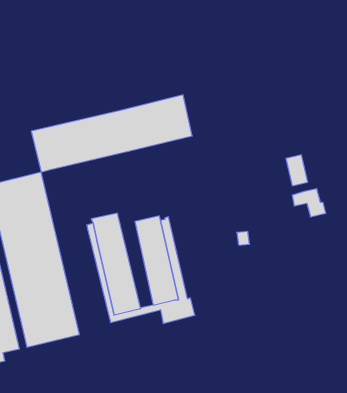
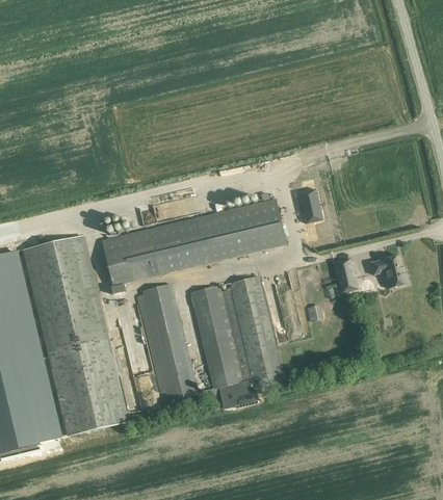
building: [31,95,192,172] -> [101,198,285,286]
building: none -> [298,188,322,222]
building: [286,155,308,186] -> [333,258,358,293]
building: none -> [228,275,282,387]

